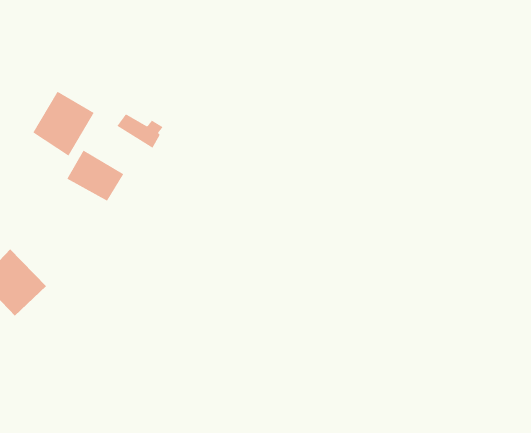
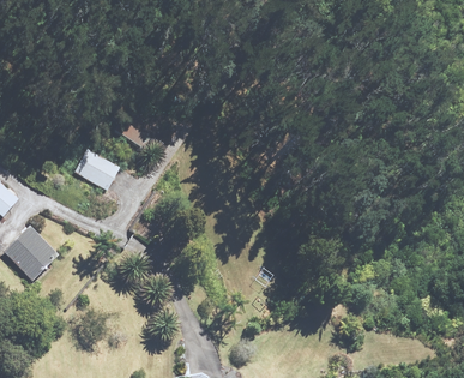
building: [33,91,95,156] -> none

